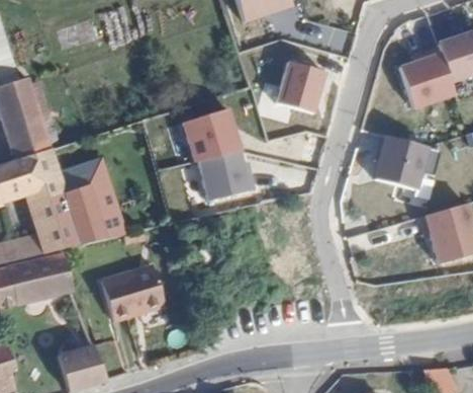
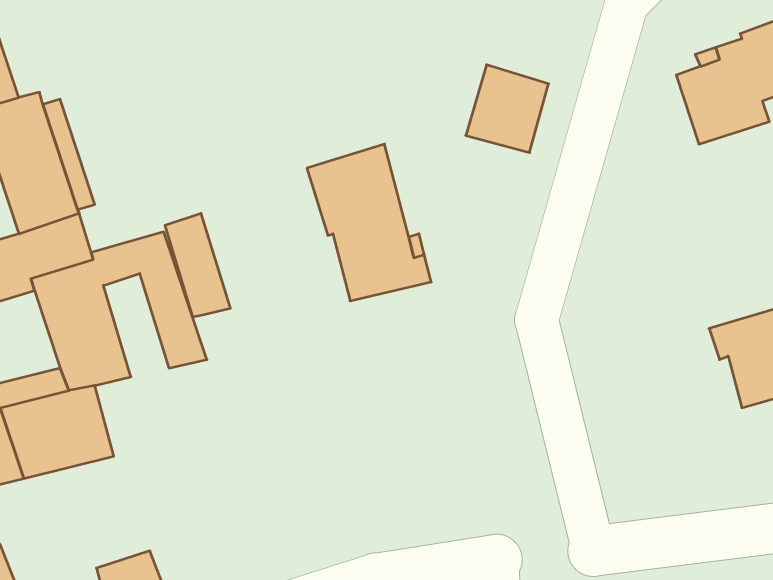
building: [375,135,442,188] -> none
building: [65,183,103,244] -> [165,213,230,317]
building: [101,264,165,321] -> none

